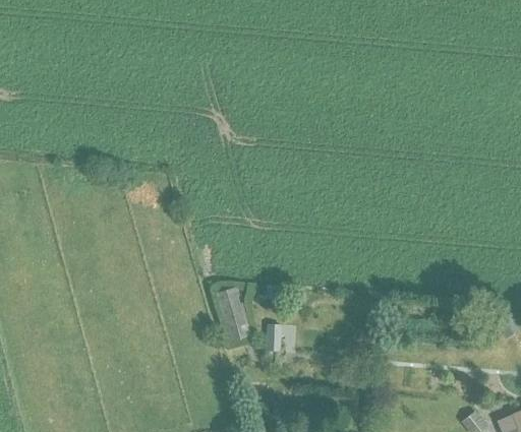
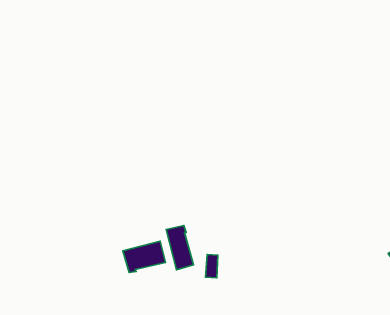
building: none -> [123,241,165,273]

